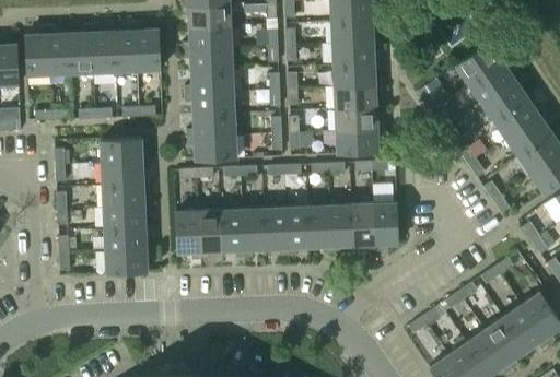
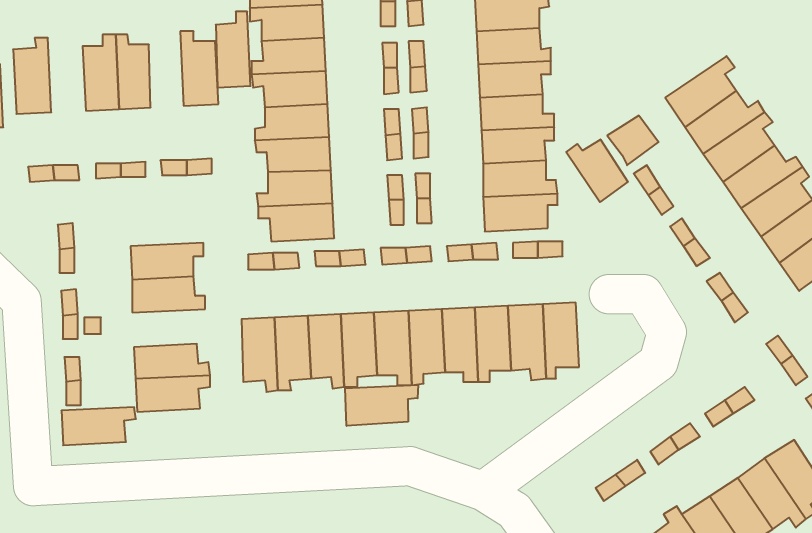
building: [114,23,137,73] -> [216,12,251,88]
building: [47,26,72,76] -> none
building: none -> [566,139,628,202]
building: [101,140,150,165] -> none
building: [103,207,152,232] -> [61,407,136,445]
building: none -> [345,385,418,426]

